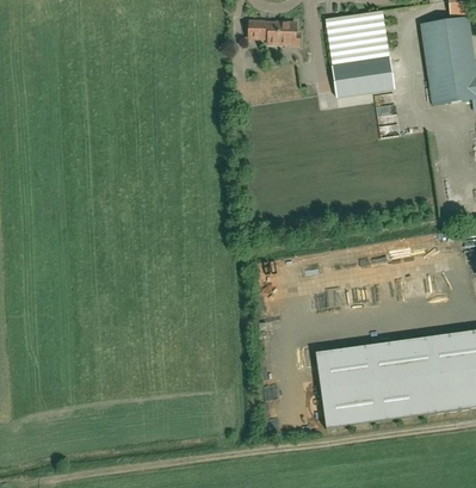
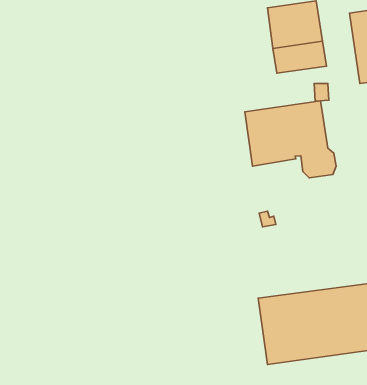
building: [248,20,299,45] -> none
building: none -> [245,101,336,178]

